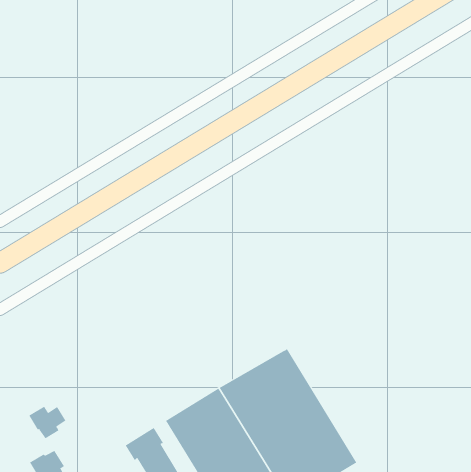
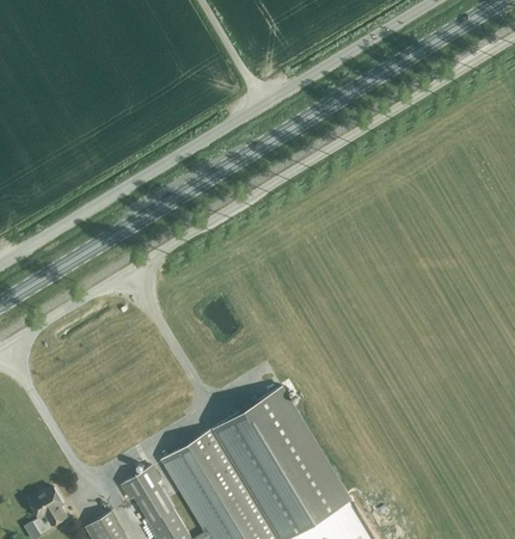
building: [28,406,66,439] -> none

